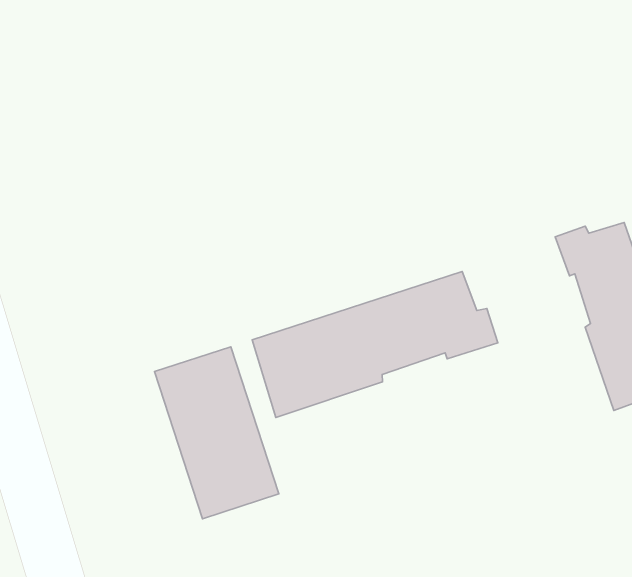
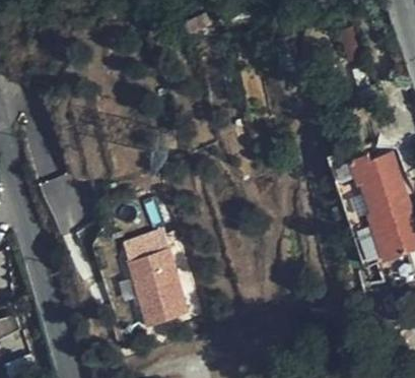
building: [252,271,498,417] -> none

